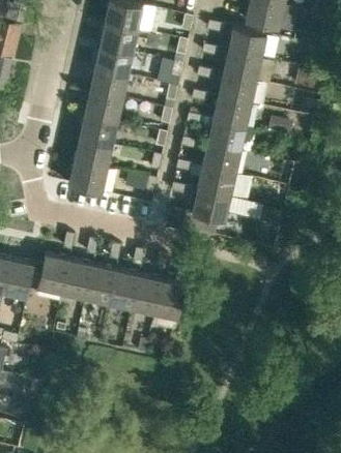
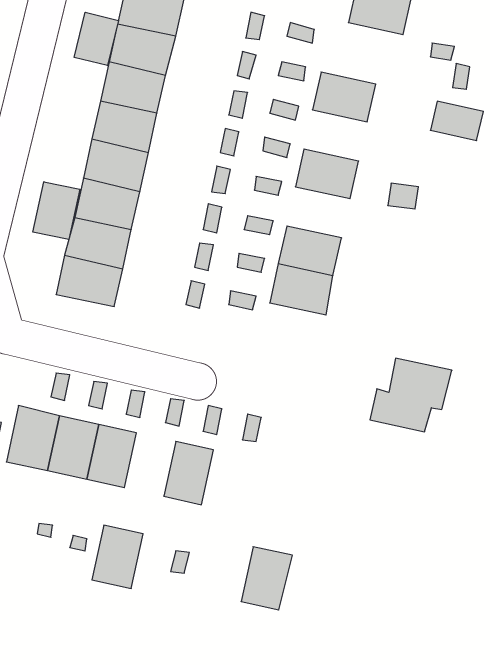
building: none -> [74,12,118,66]
building: [228,28,266,59] -> none
building: [218,74,256,105] -> none
building: none -> [33,182,80,240]
building: [207,121,255,152] -> none
building: [181,191,231,236] -> [370,358,452,432]
building: [109,270,140,308] -> [92,525,143,588]
building: [155,280,187,319] -> [241,547,292,610]

